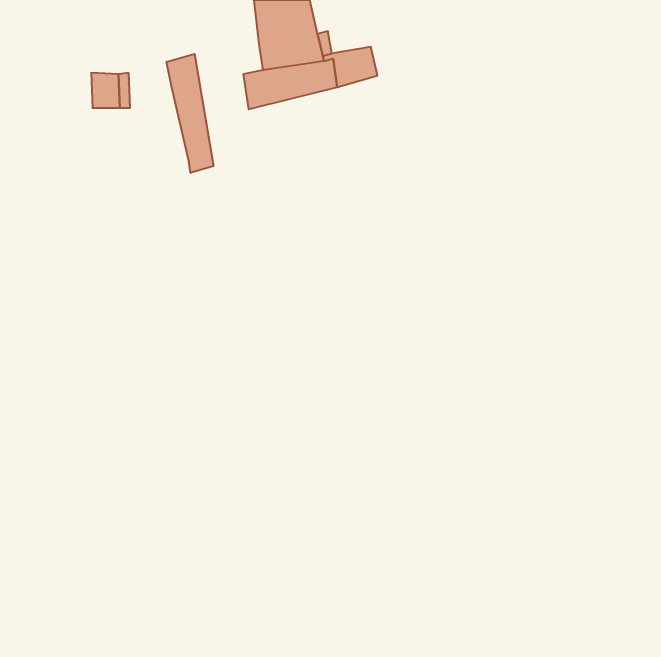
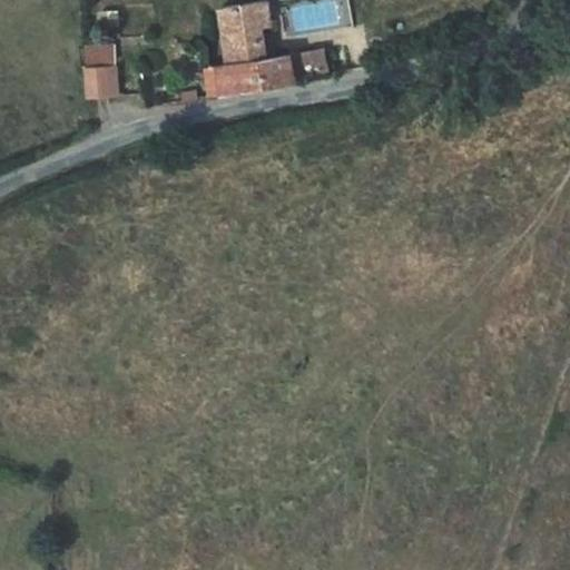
building: [166,54,213,173] -> none

